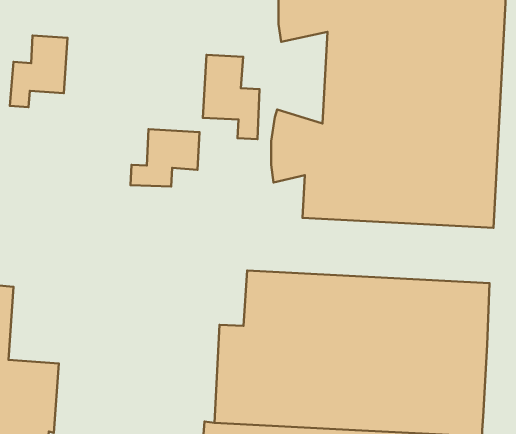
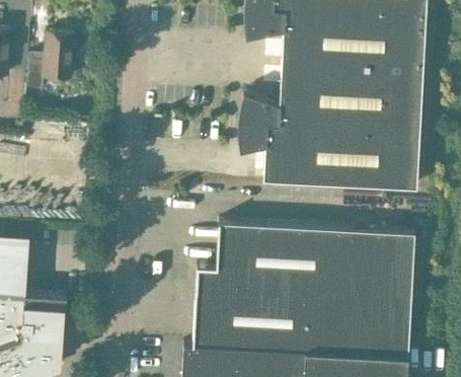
building: [203,55,259,139] -> none
building: [130,129,200,187] -> none

